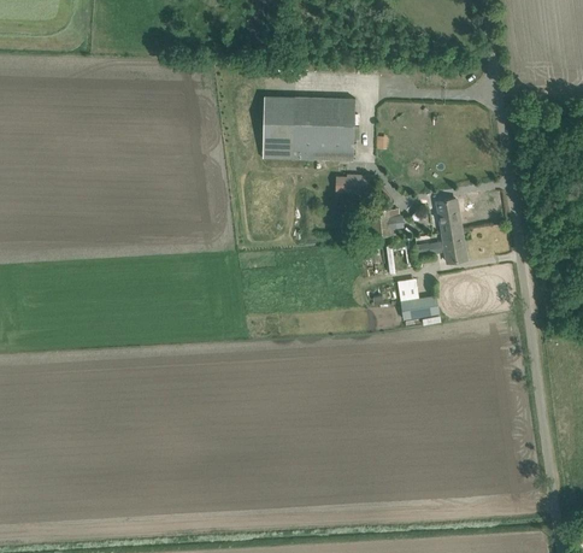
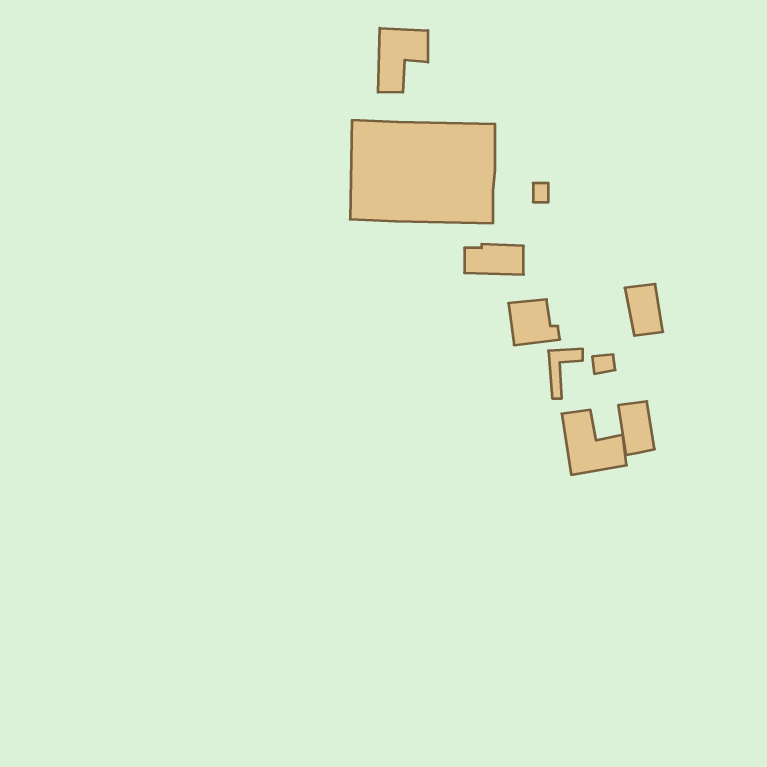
building: none -> [378,28,428,92]
building: [442,229,465,263] -> [618,401,655,455]

